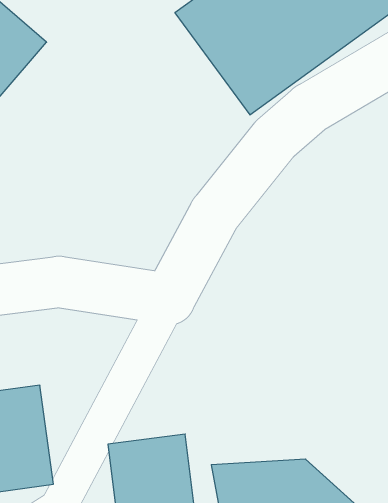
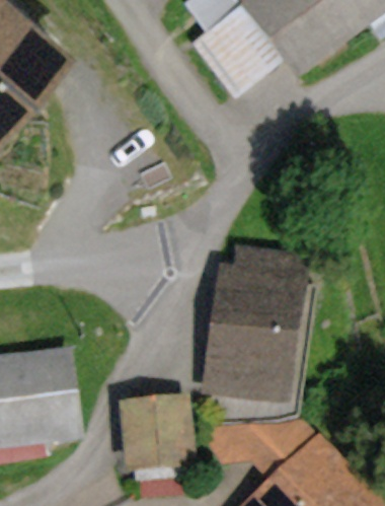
building: none -> [208,244,309,395]

